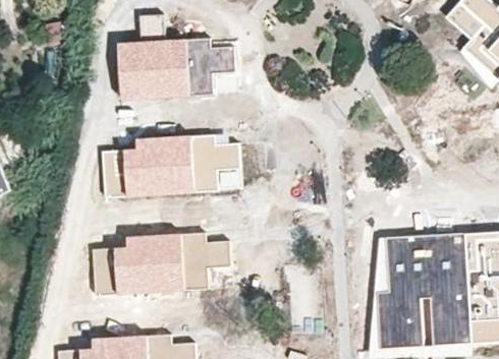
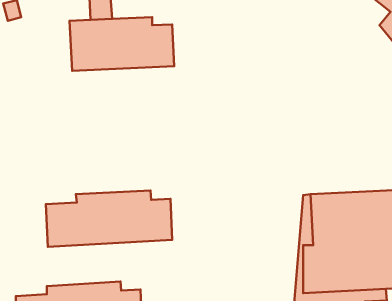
building: [102,133,244,197] -> none

